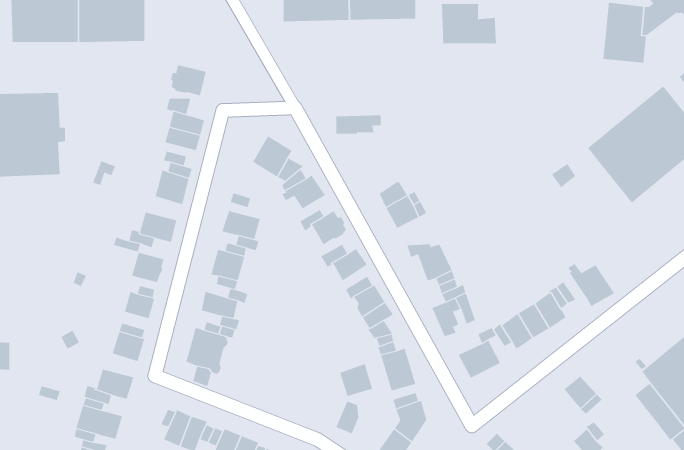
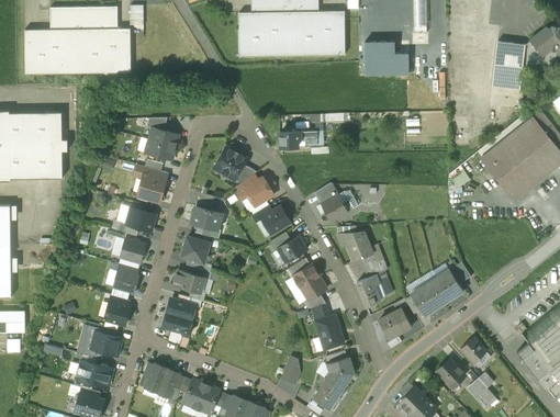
building: [170,64,207,96] -> none
building: [567,263,615,307] -> none
building: [340,363,373,397] -> none
building: none -> [437,358,467,387]

